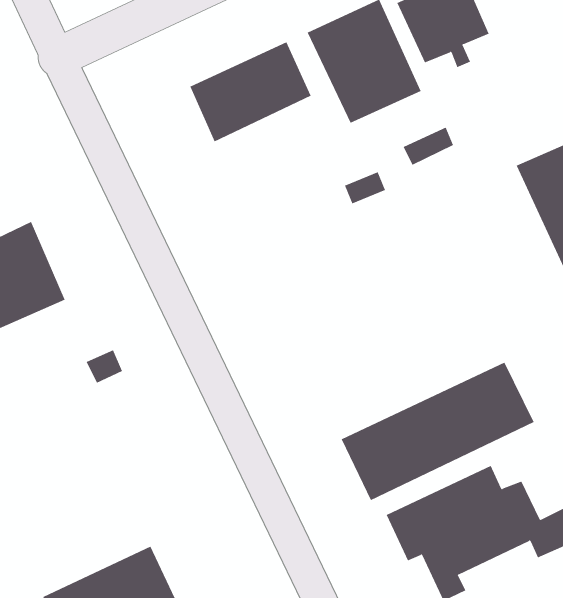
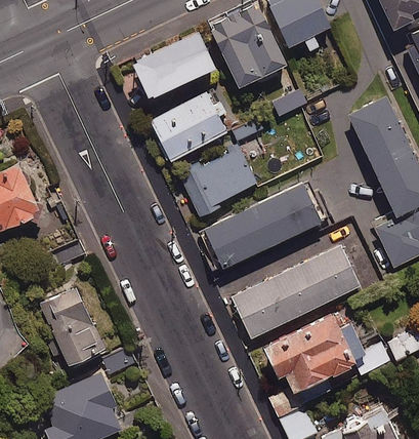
building: none -> [149,92,225,161]
building: none -> [182,148,257,216]
building: none -> [204,181,328,269]
building: none -> [44,282,109,359]

